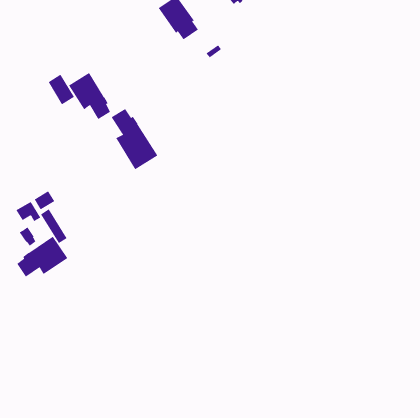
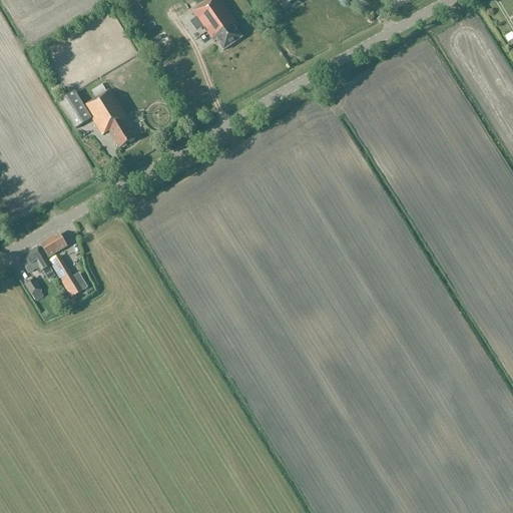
building: [111,108,158,170] -> none
building: [17,236,68,278] -> none

